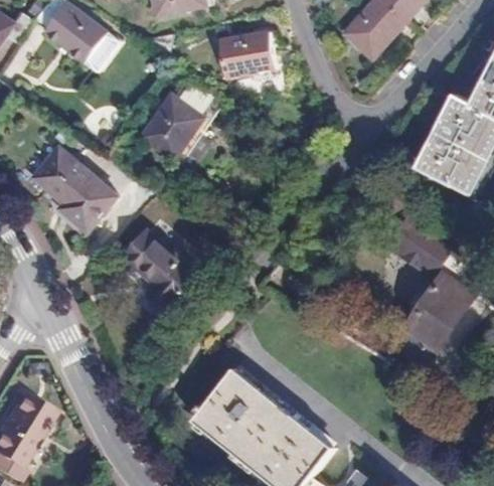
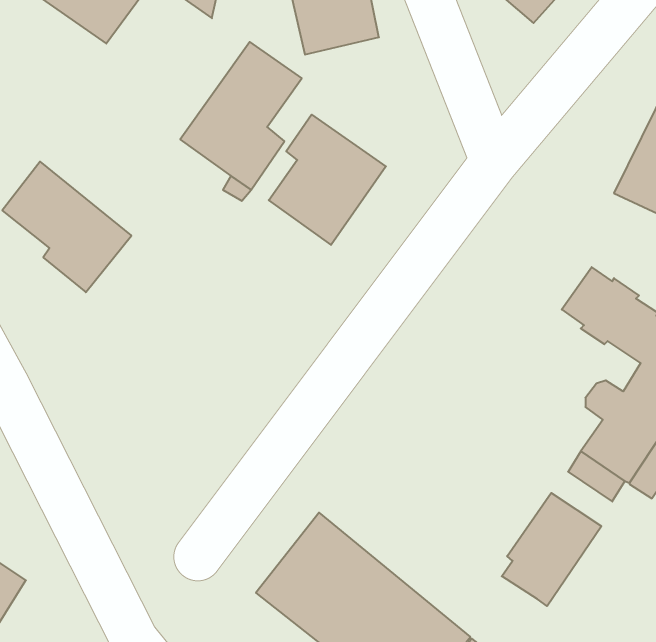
building: none -> [269,115,386,245]
building: [123,231,200,313] -> none
building: none -> [502,493,601,606]

